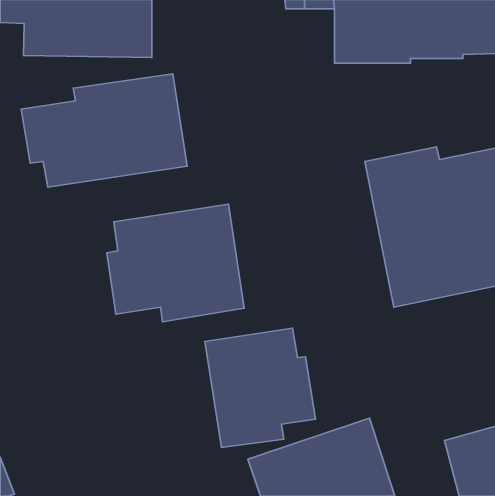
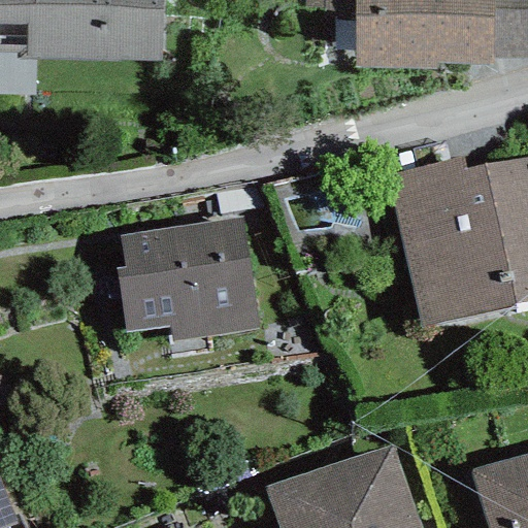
building: [21,74,187,187] -> none
building: [205,328,316,448] -> none

